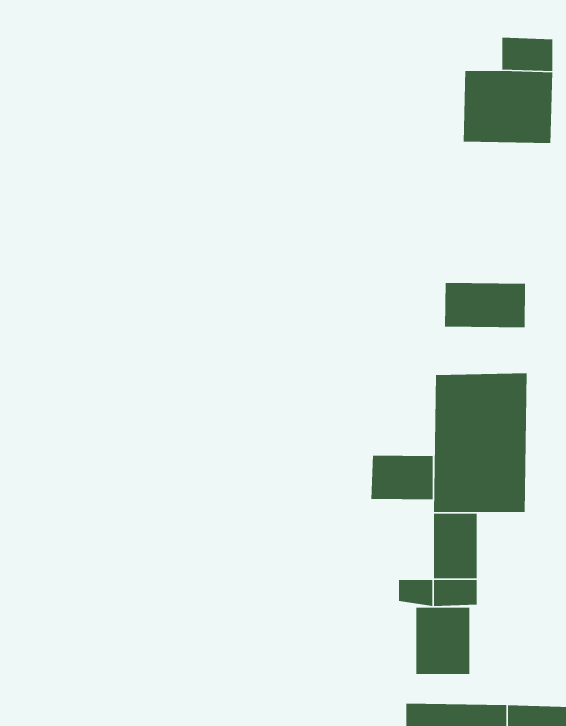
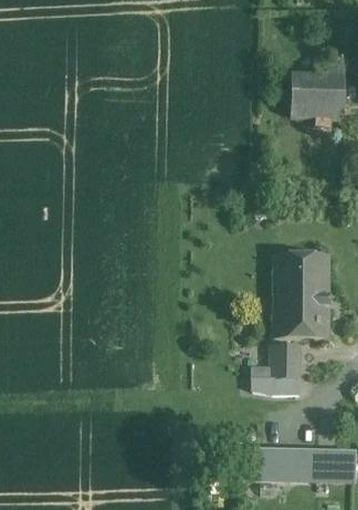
building: [444,282,526,328] -> none
building: [370,455,433,500] -> none
building: [415,607,470,675] -> none

